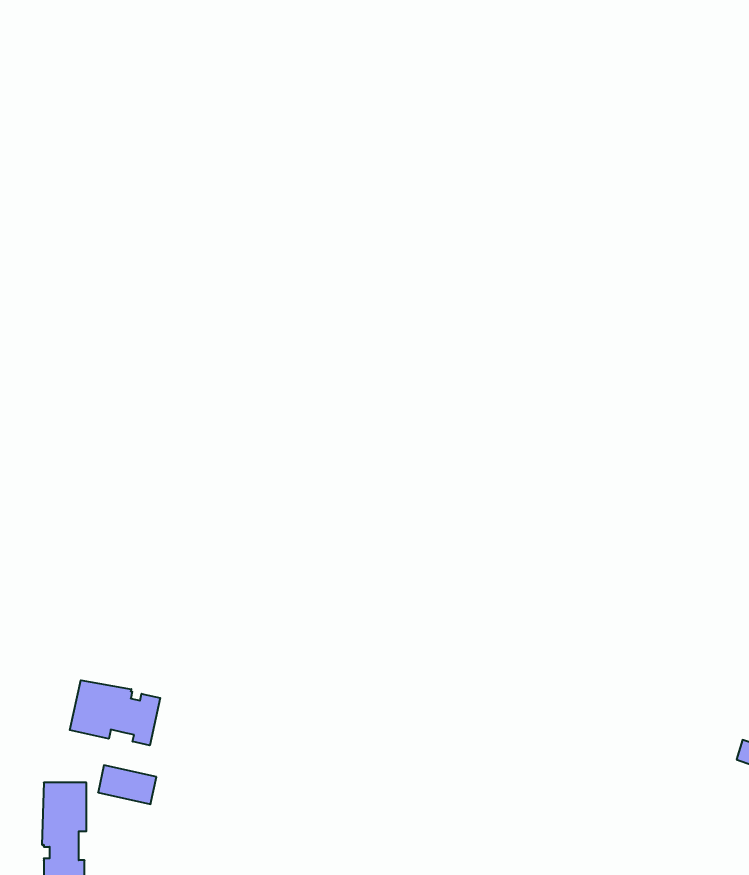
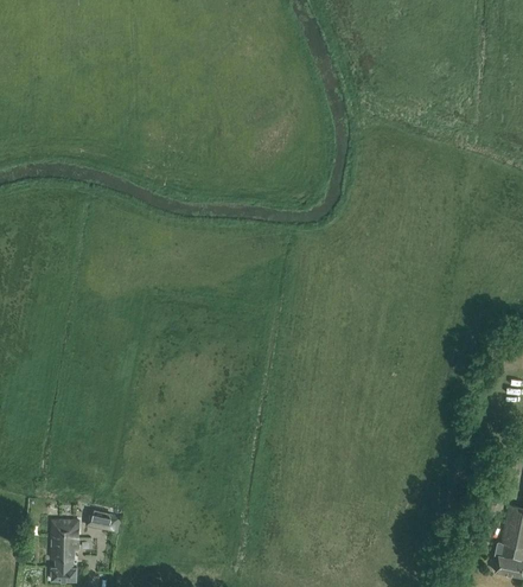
building: [70,680,160,745] -> none

